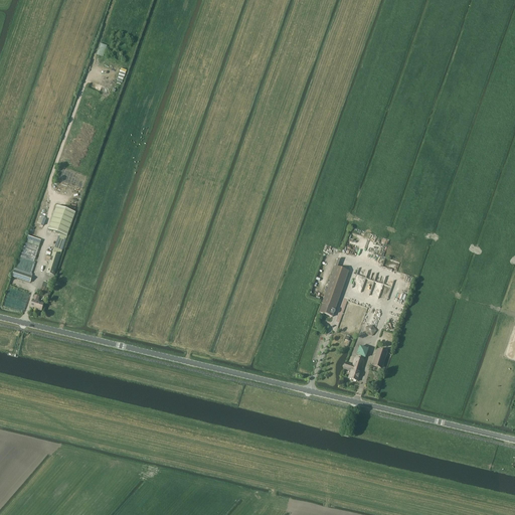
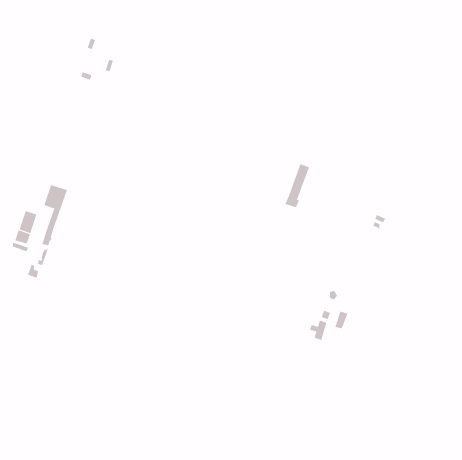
building: [319,266,347,315] -> [284,163,310,208]

